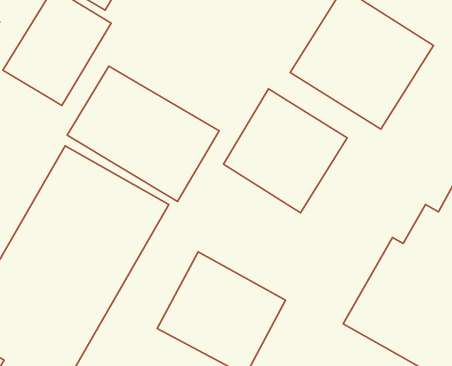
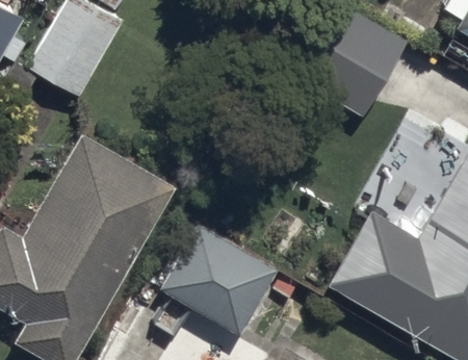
building: [67,66,219,202] -> none
building: [223,89,347,213] -> none

